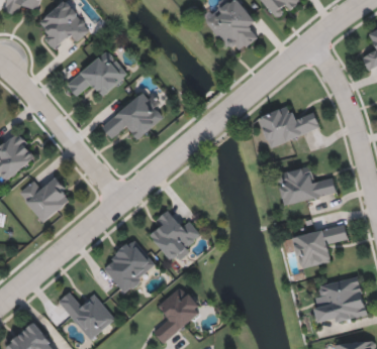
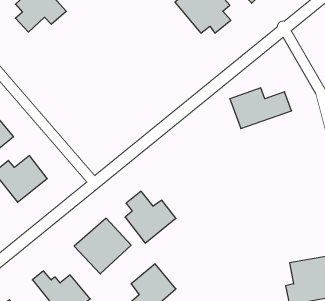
building: [66,48,128,100] -> none
building: [101,89,168,141] -> none
building: [277,166,336,205] -> none
building: [292,224,349,268] -> none

